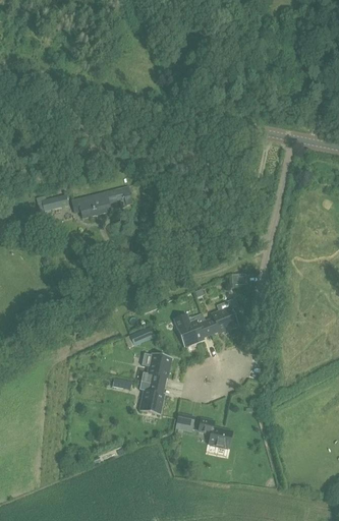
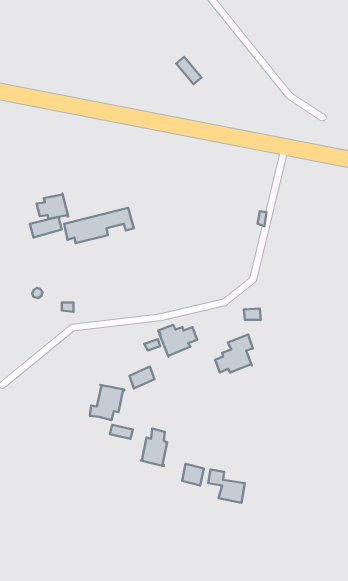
building: none -> [36,193,68,219]
building: [175,319,210,347] -> [158,325,197,357]
building: [142,353,172,385] -> [90,385,124,420]

